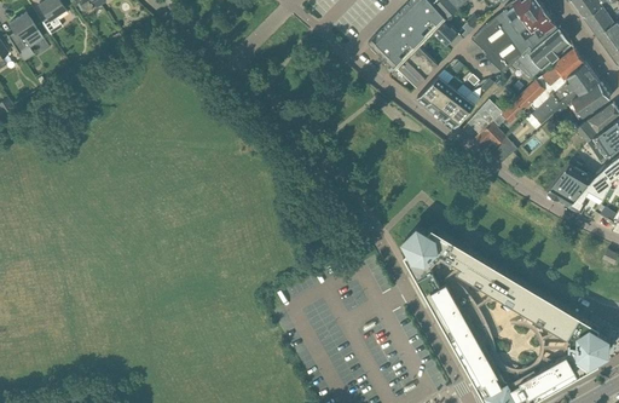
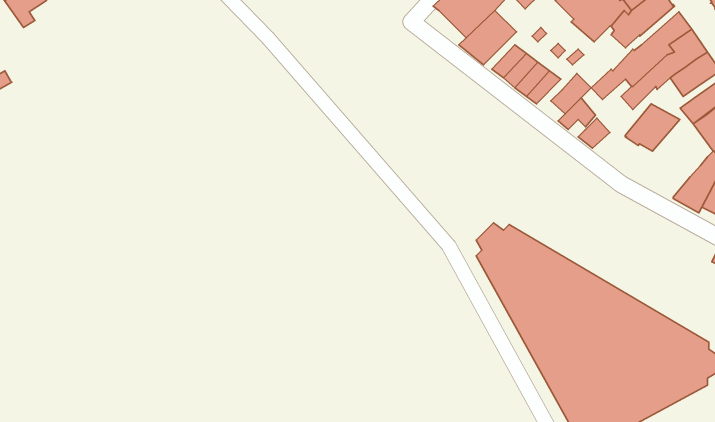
building: [546,165,592,205] -> [625,104,680,151]

